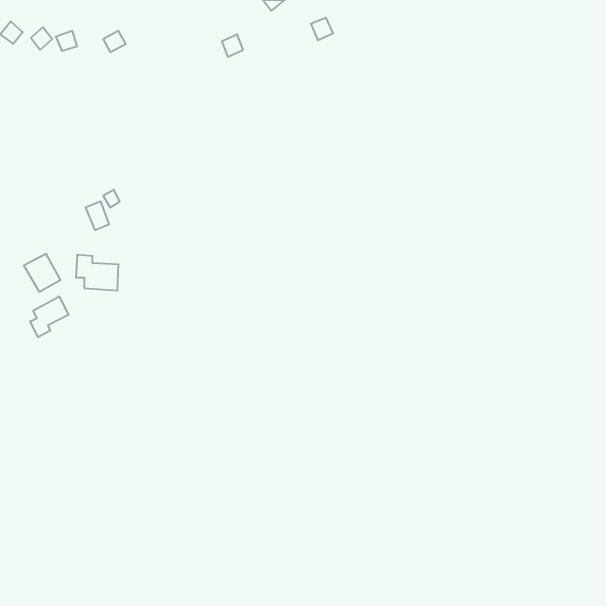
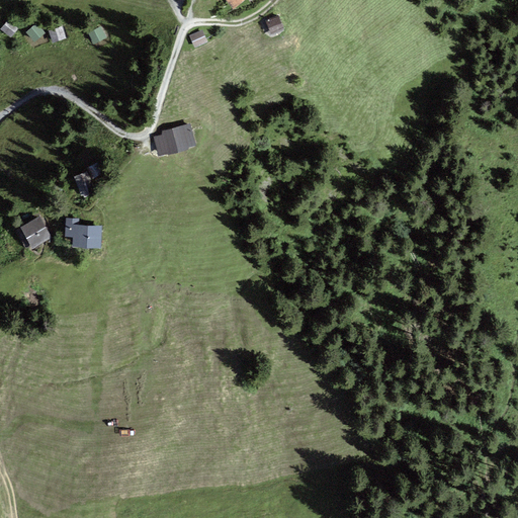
building: none -> [153,124,194,156]
building: [30,296,69,337] -> none

